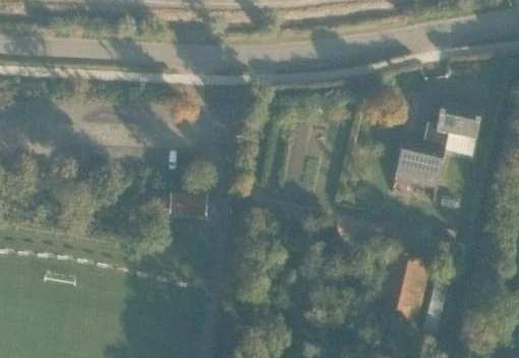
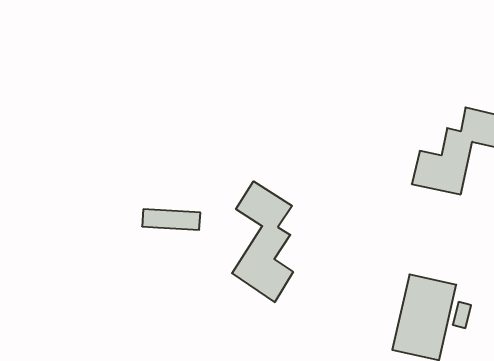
building: none -> [232,181,293,302]

